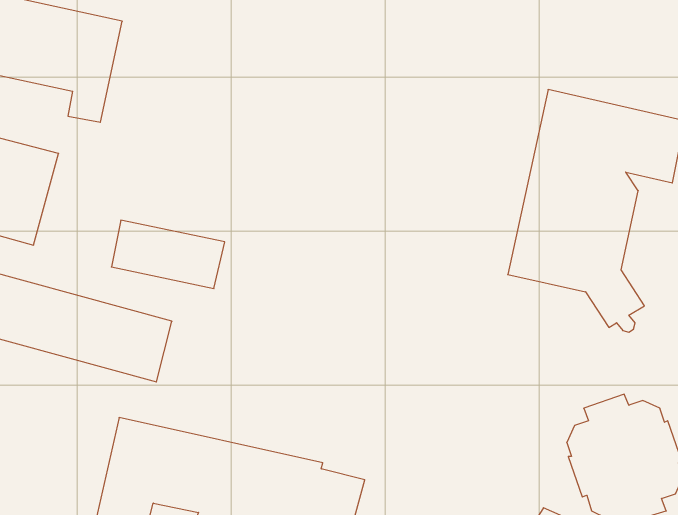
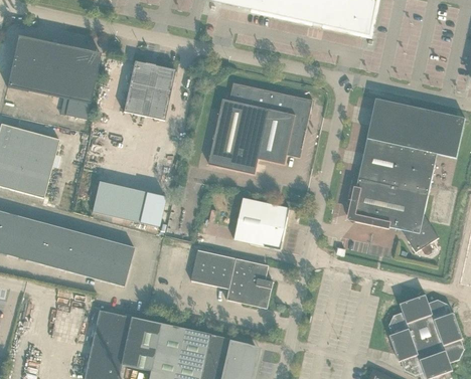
building: none -> [124,61,175,120]
building: none -> [208,82,313,174]
building: none -> [234,198,289,249]
building: none -> [191,249,274,308]

